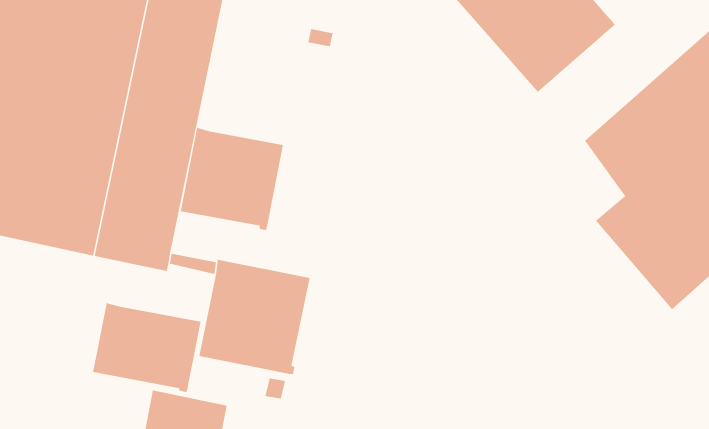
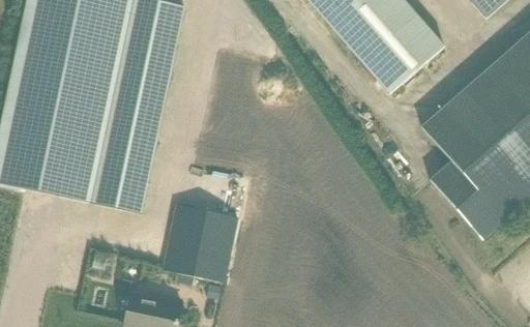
building: [180,127,284,231] -> none
building: [93,302,201,393] -> none

